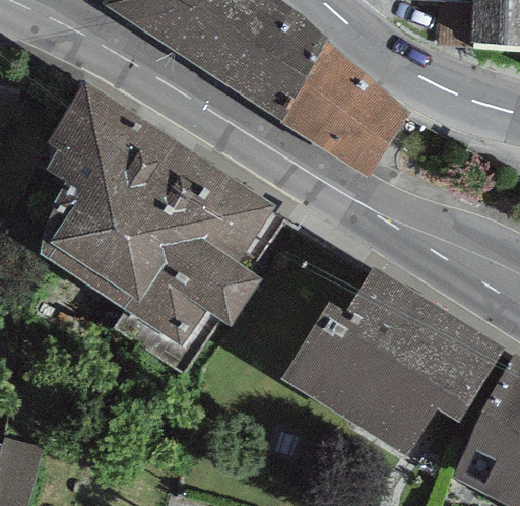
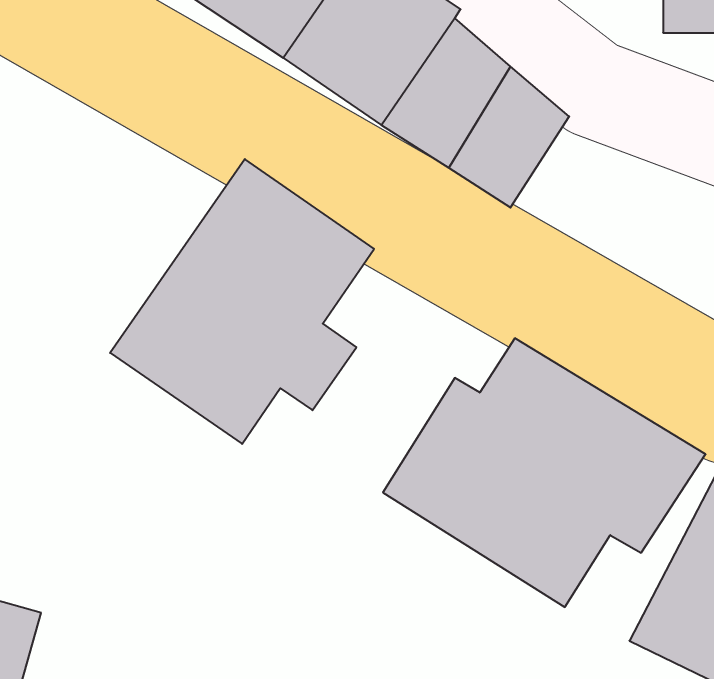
building: [40,79,184,278] -> none

